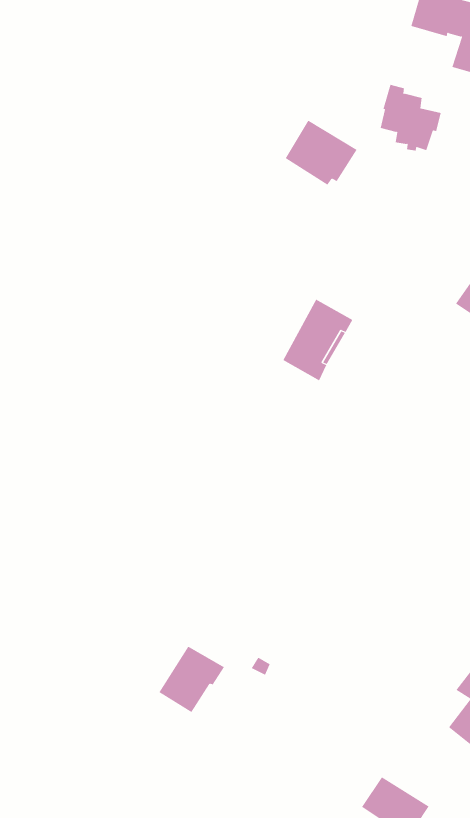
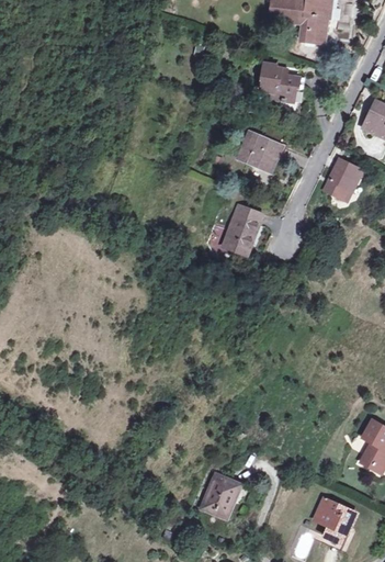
building: [285,120,358,186] -> [237,128,282,168]
building: [158,646,225,713] -> [201,472,240,514]

